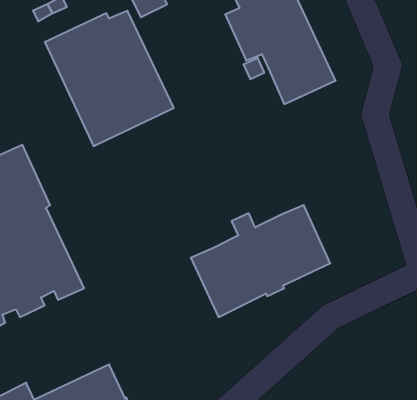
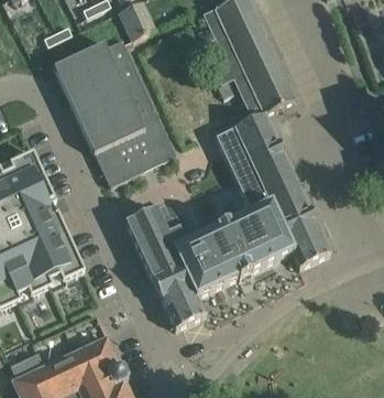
building: none -> [216,111,329,267]
building: none -> [95,120,176,184]
building: none -> [124,202,206,327]

